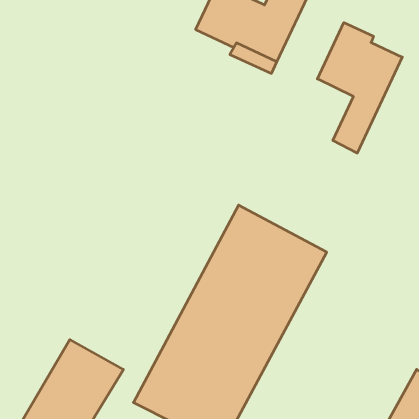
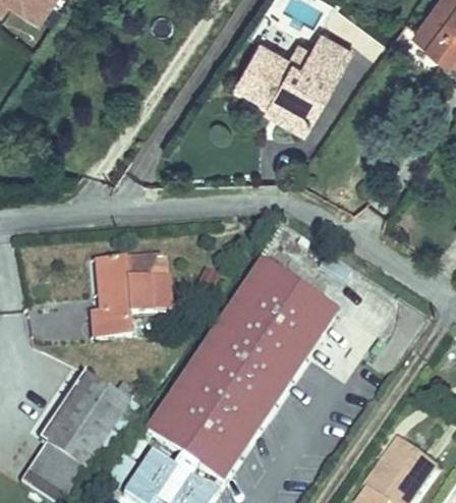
building: [317,23,402,153] -> none
building: none -> [89,255,167,339]

